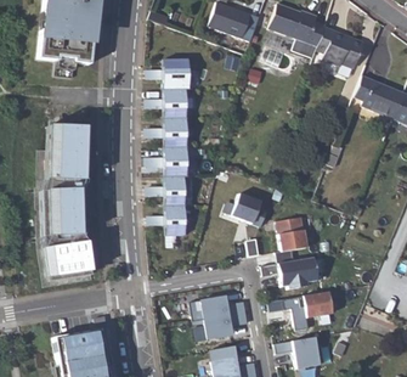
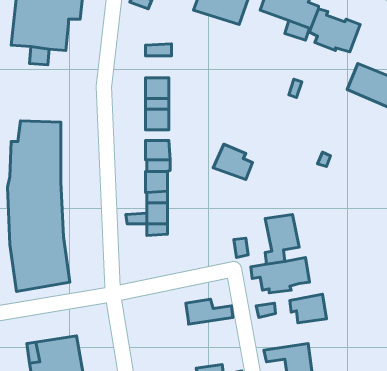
building: [163,68,190,89] -> none
building: [232,192,268,225] -> [213,144,252,179]
building: [204,313,248,339] -> none

